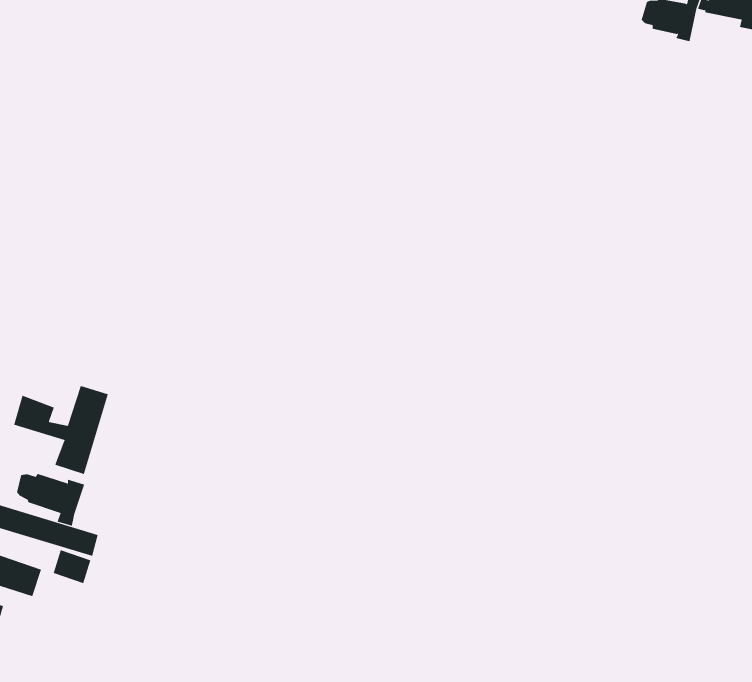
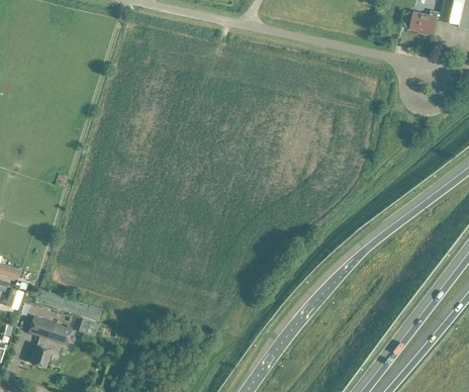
building: [13,385,108,475] -> none
building: [17,473,85,526] -> none

